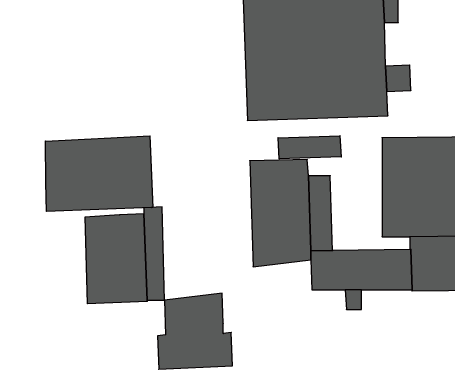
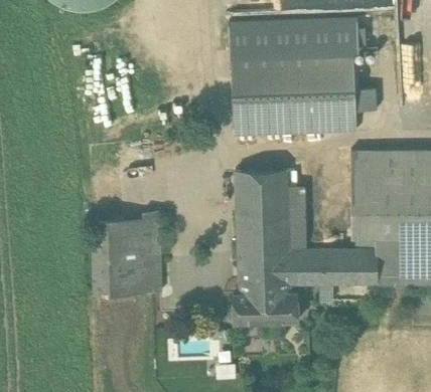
building: [278,136,341,159] -> none
building: [45,136,153,211] -> none
building: [158,293,232,369] -> [233,257,298,324]

